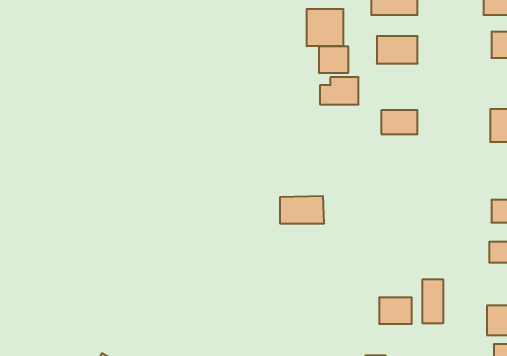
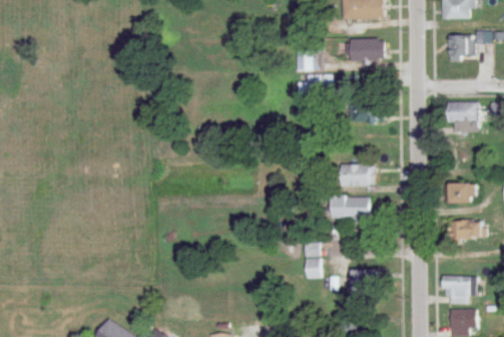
building: [307,9,343,46] -> none
building: none -> [339,163,374,186]
building: [280,196,324,223] -> [330,195,369,219]
building: none -> [304,243,320,279]
building: [423,279,443,323] -> none

